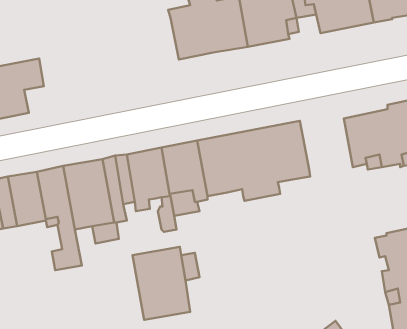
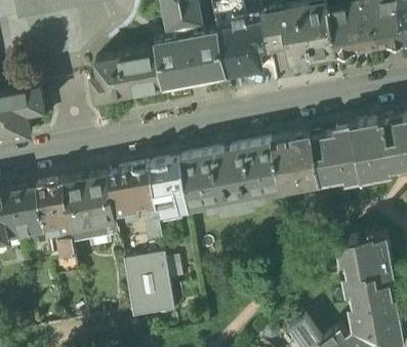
building: none -> [91,50,164,101]
building: none -> [272,134,319,188]

